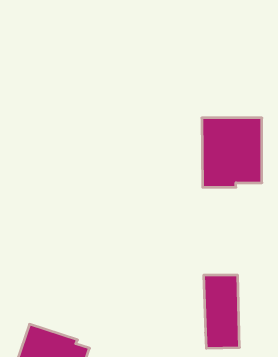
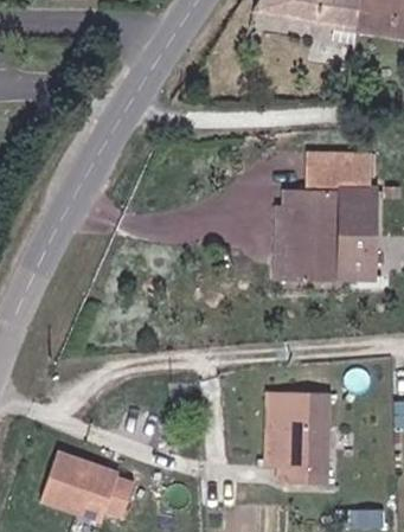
building: none -> [296,153,360,184]
building: none -> [267,392,290,466]

